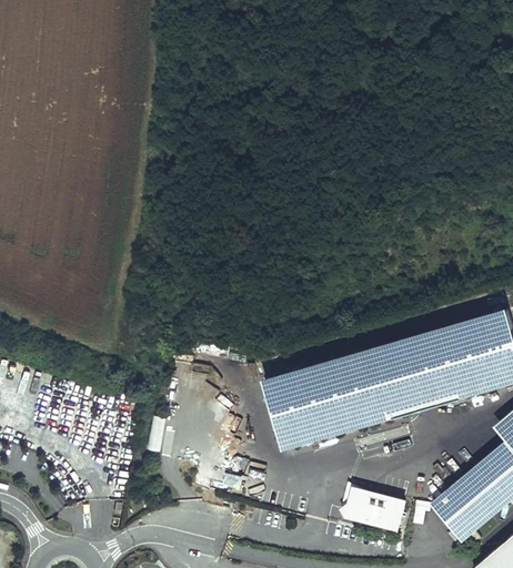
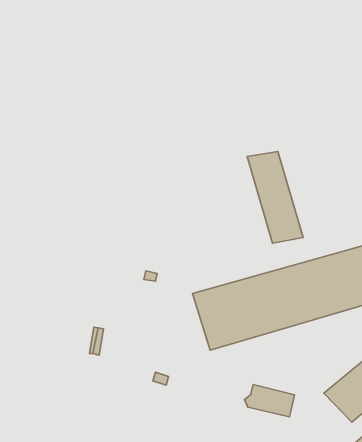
building: none -> [247,152,303,243]

